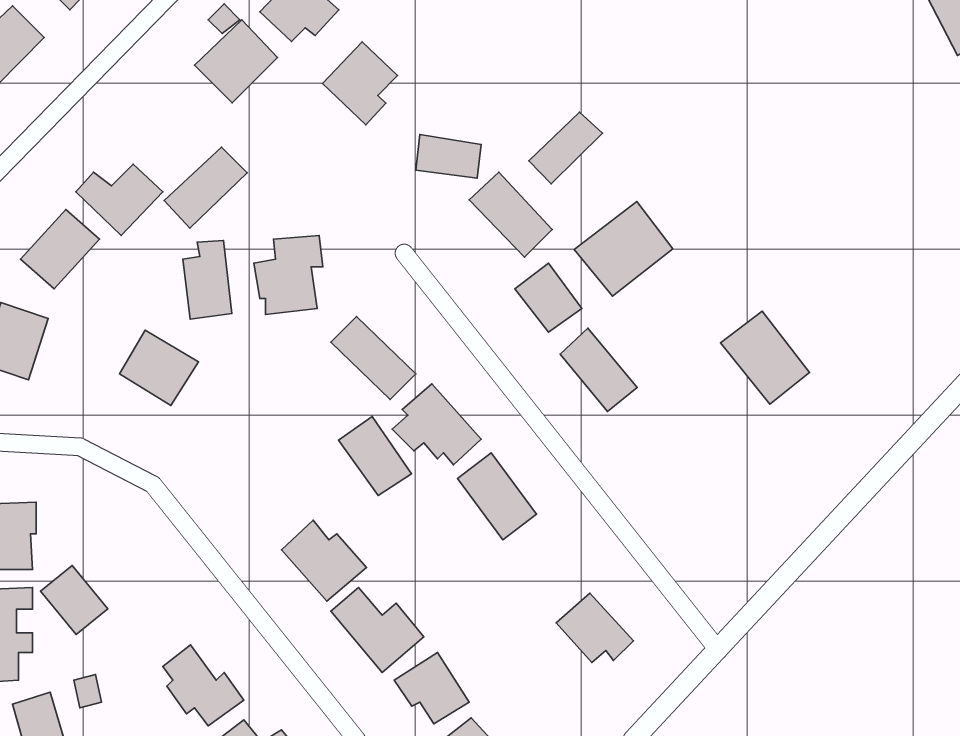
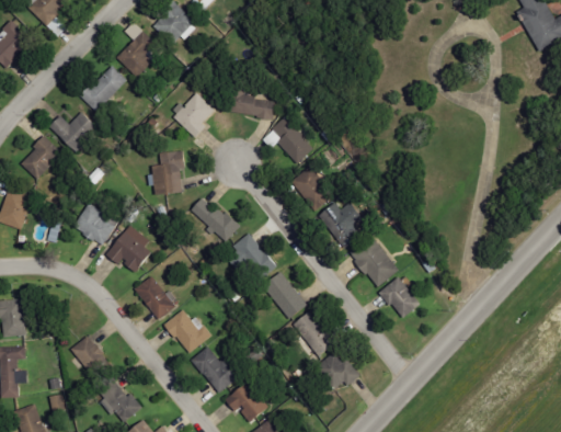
building: [322,42,398,125] -> [172,91,214,137]
building: [529,112,603,184] -> none
building: [164,147,247,228] -> [80,66,126,111]
building: [574,202,673,296] -> none
building: [183,241,232,319] -> none
building: [720,311,809,404] -> [348,235,398,286]
building: none -> [107,225,150,271]
building: [339,416,412,496] -> [135,274,175,318]
building: none -> [379,275,420,319]
building: none -> [293,309,334,356]
building: [41,565,108,635] -> [70,334,107,373]

